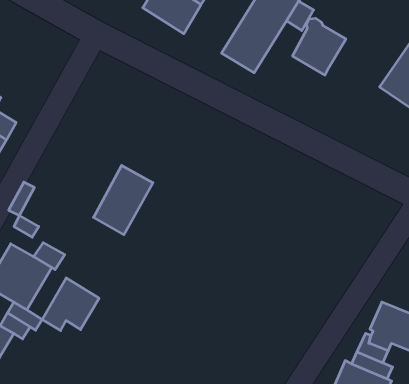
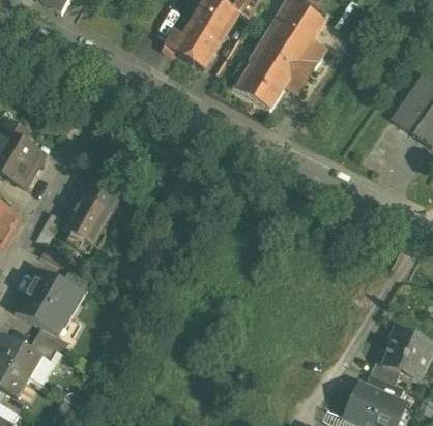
building: [293,18,346,75] -> none
building: [93,165,153,235] -> [63,177,120,243]
building: [42,278,99,331] -> none

